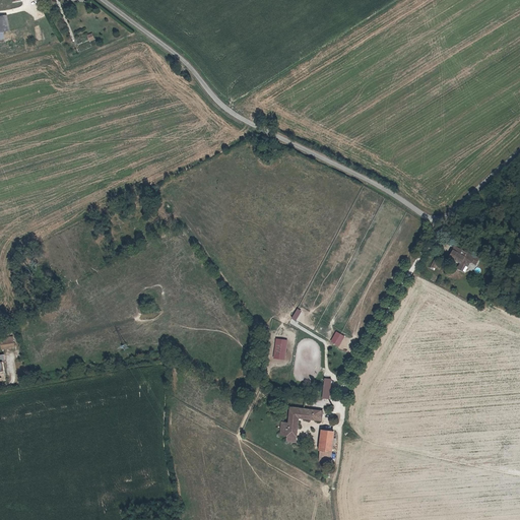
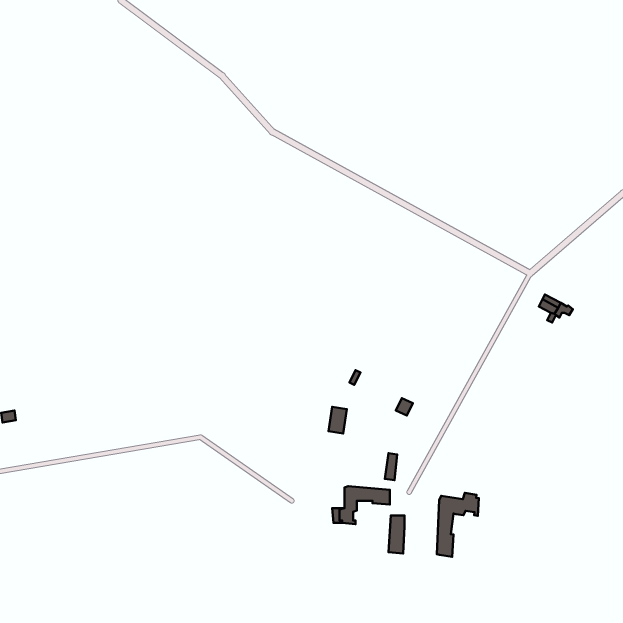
building: none -> [437,493,479,557]

